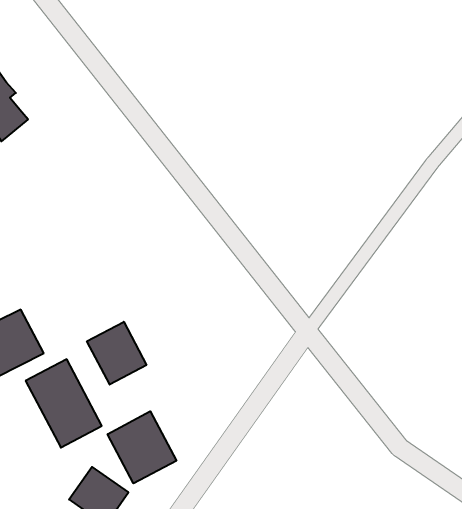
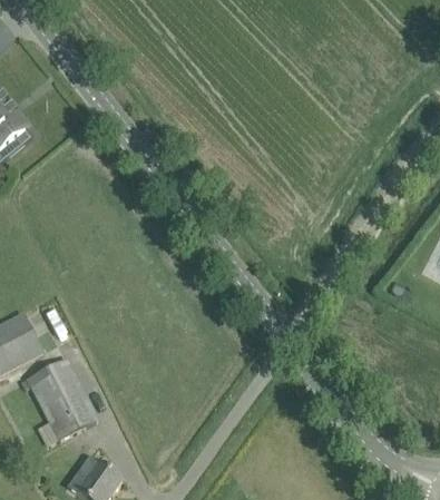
building: [87,322,146,385] -> none
building: [108,411,176,483] -> none

